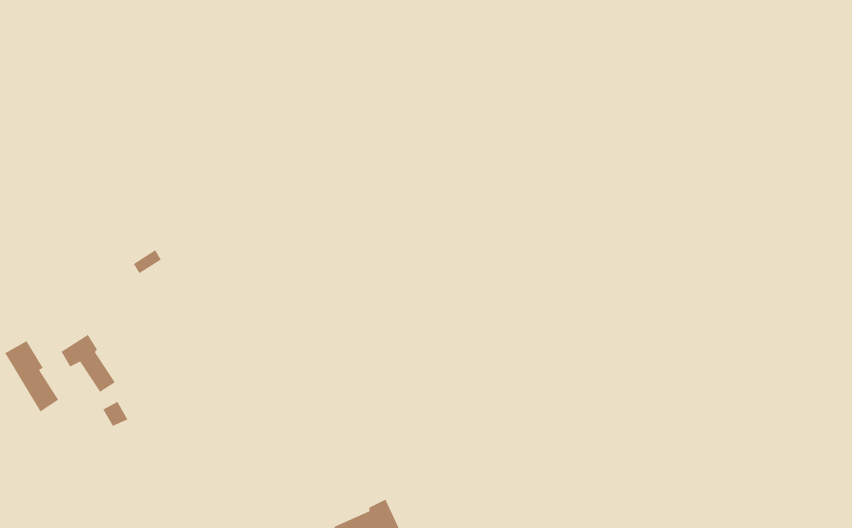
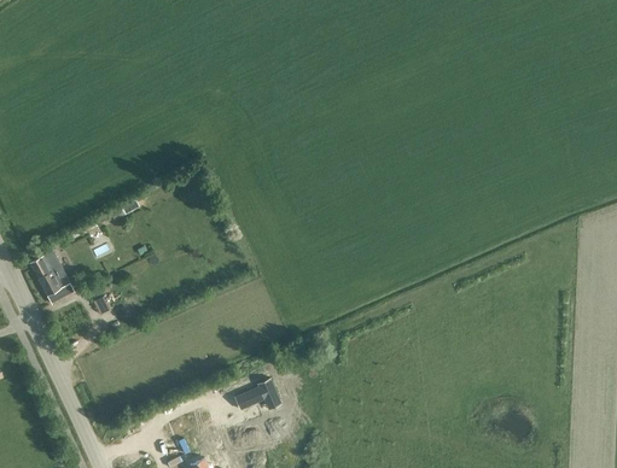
building: [60,334,116,393] -> none

